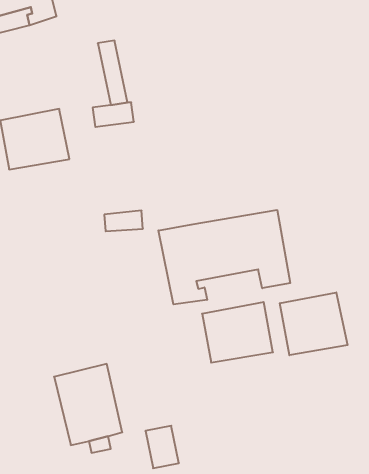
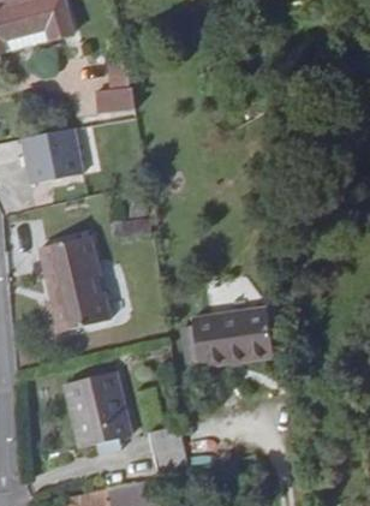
building: none -> [34,218,106,319]
building: [158,210,290,304] -> none
building: [280,292,348,355] -> none

